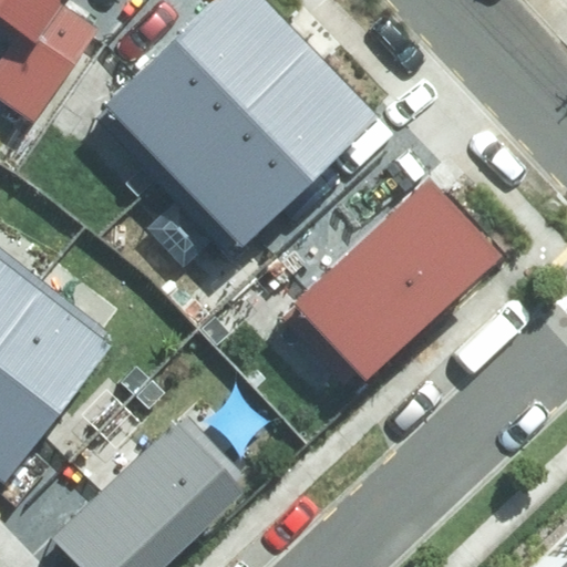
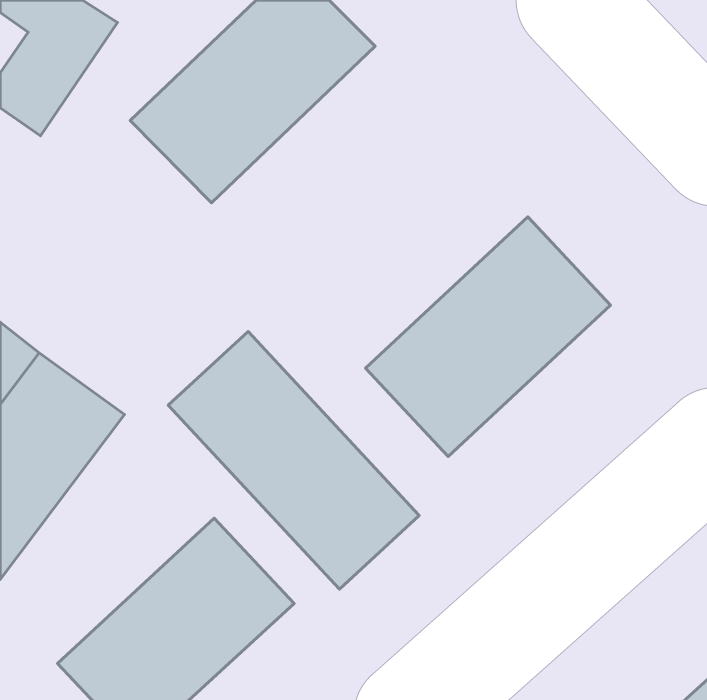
building: [174,49,365,238] -> none
building: none -> [168,331,419,589]

